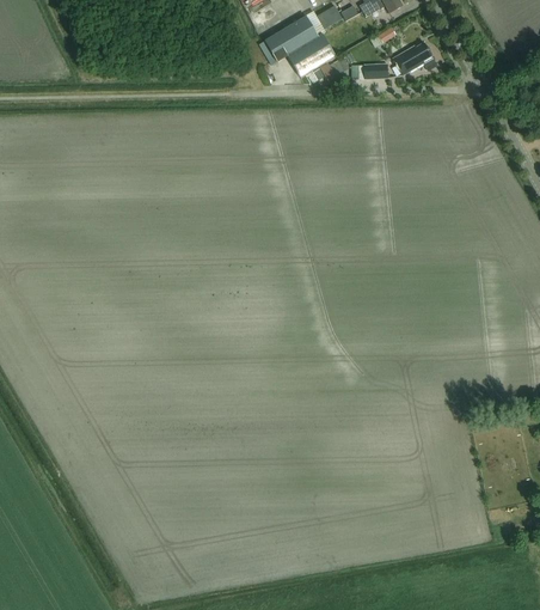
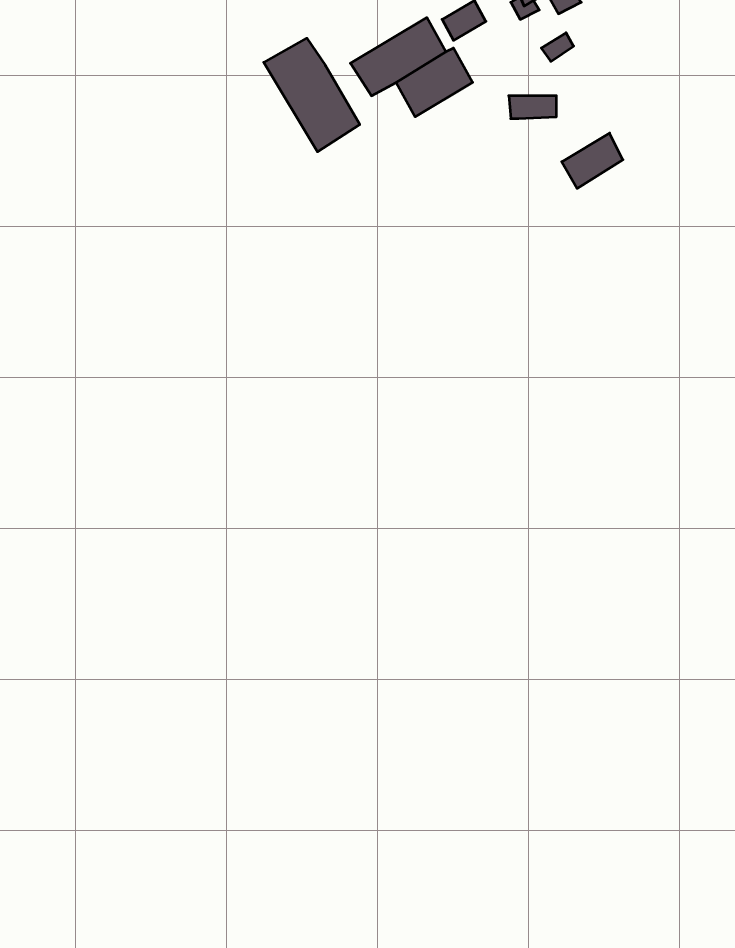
building: none -> [264,38,360,152]
building: [395,39,434,74] -> [562,133,623,188]

